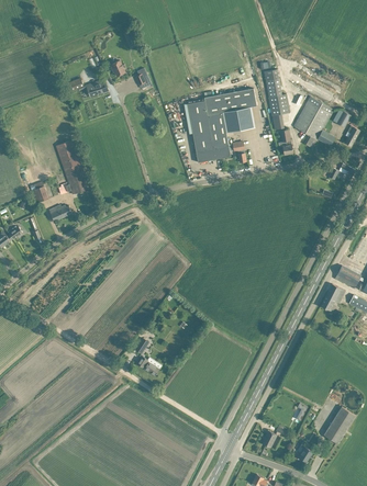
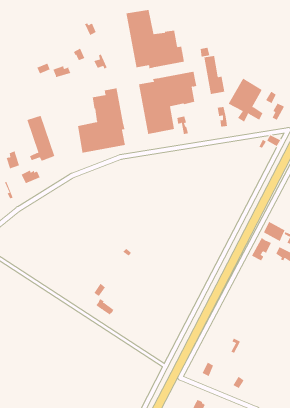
building: none -> [126,9,185,69]
building: none -> [78,87,125,153]
building: [322,406,354,443] -> none

